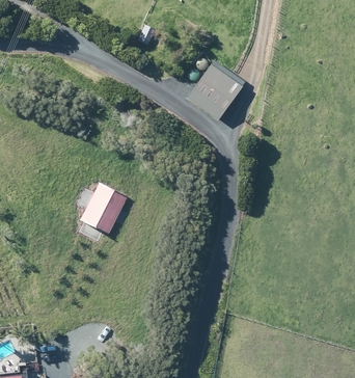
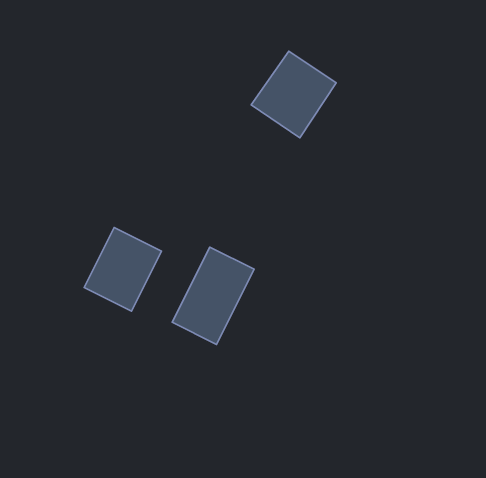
building: none -> [172,247,254,344]

